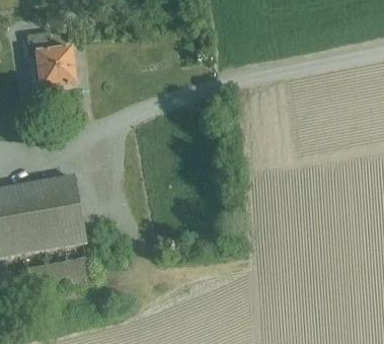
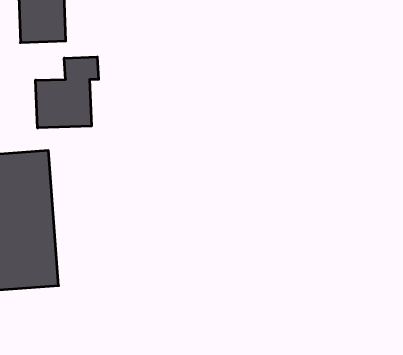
building: none -> [36,57,99,128]

